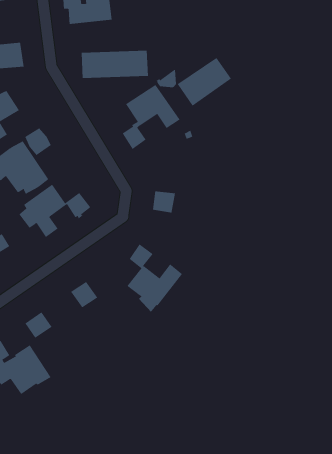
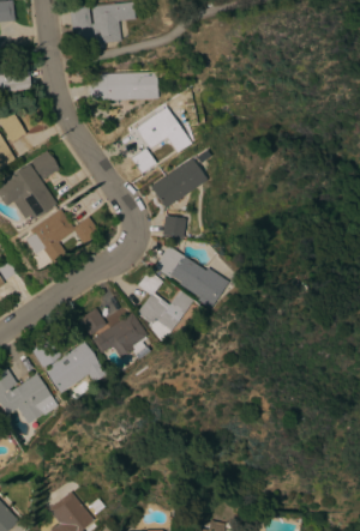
building: [177,57,232,107] -> [150,158,206,209]
building: none -> [154,246,228,308]
building: none -> [92,313,148,358]
building: none -> [44,343,107,393]

